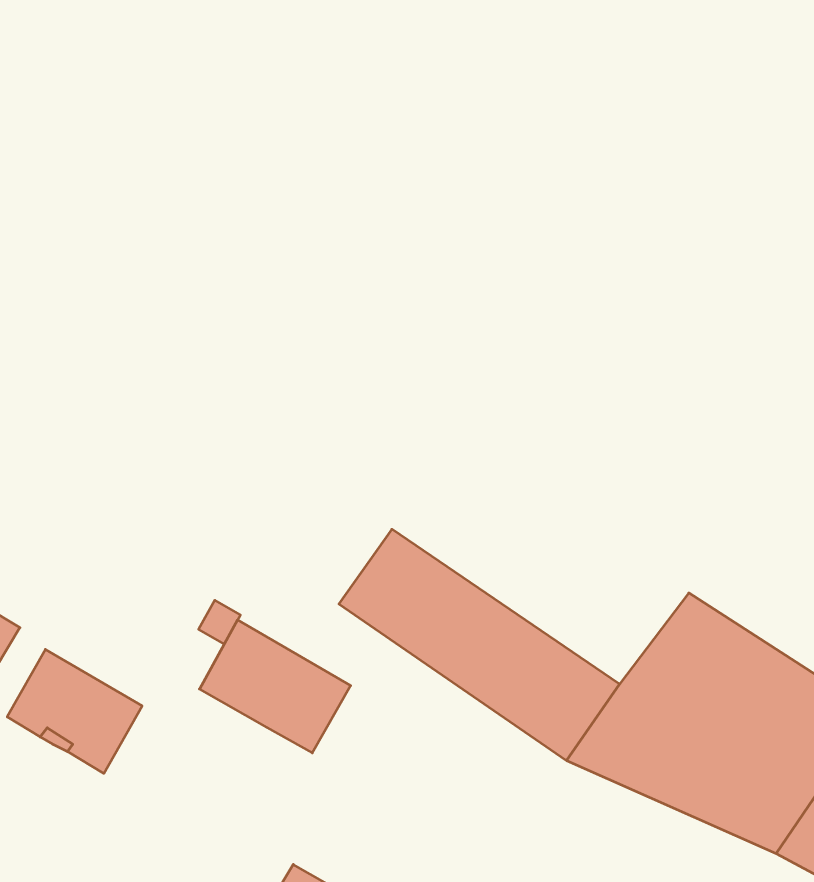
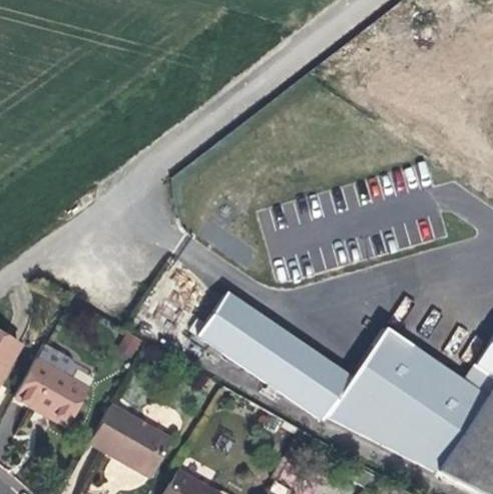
building: [199,620,351,753] -> [89,405,172,478]

